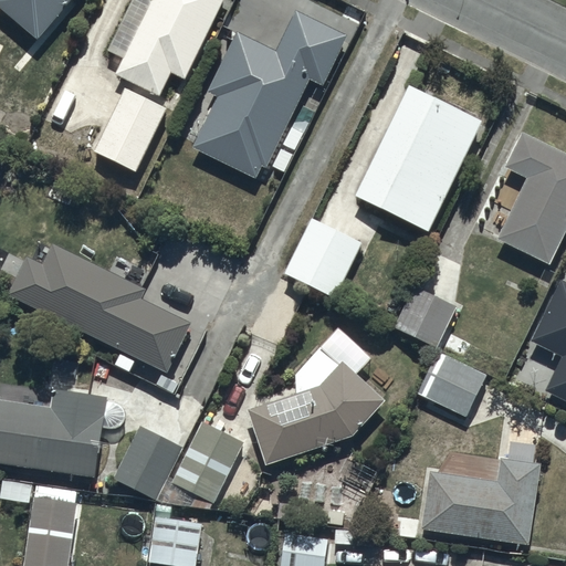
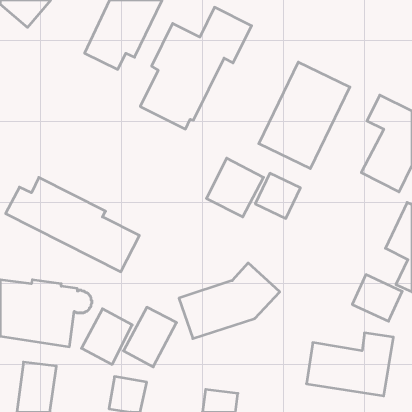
building: [88,84,167,171] -> none
building: [392,286,454,348] -> [255,173,300,218]
building: [417,353,485,417] -> [352,275,402,321]

